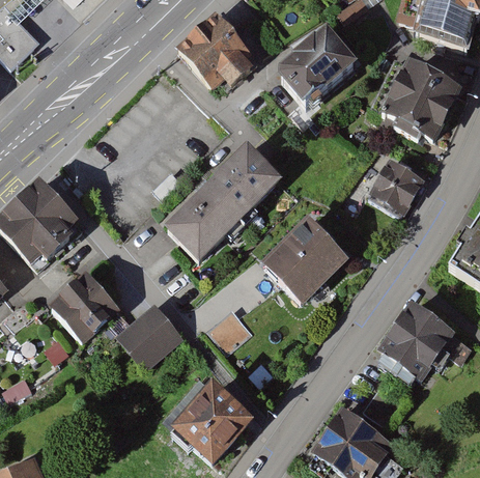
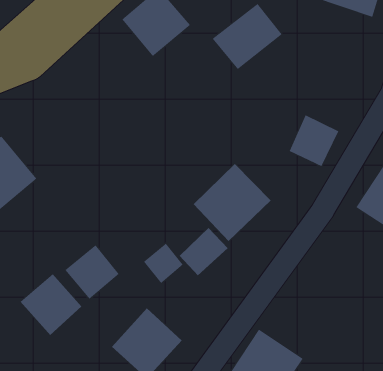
building: [379,51,461,136] -> none
building: [167,141,286,259] -> none
building: [54,274,124,344] -> [20,274,82,336]
building: none -> [179,227,228,276]
building: [374,305,451,382] -> none

